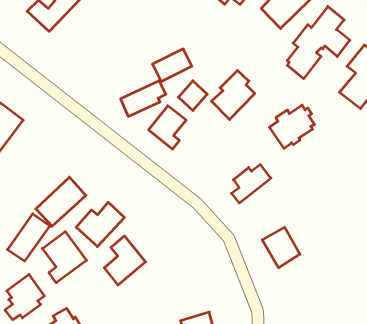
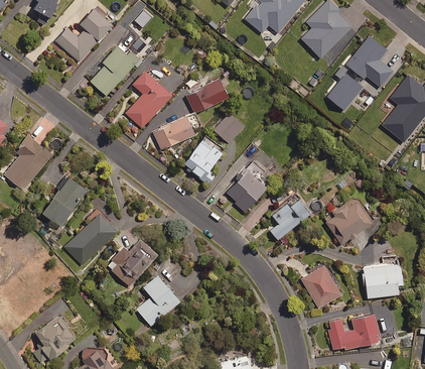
building: none -> [90,43,139,96]
building: none -> [125,71,171,128]
building: [211,70,255,120] -> [226,160,271,212]
building: [269,105,315,148] -> [326,200,374,245]
building: [7,214,50,261] -> [42,177,87,227]
building: none -> [363,264,403,298]
building: [42,232,87,283] -> none
building: none -> [328,315,379,351]

